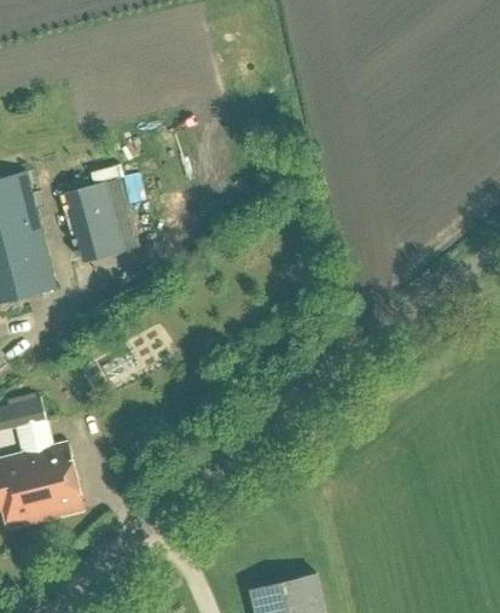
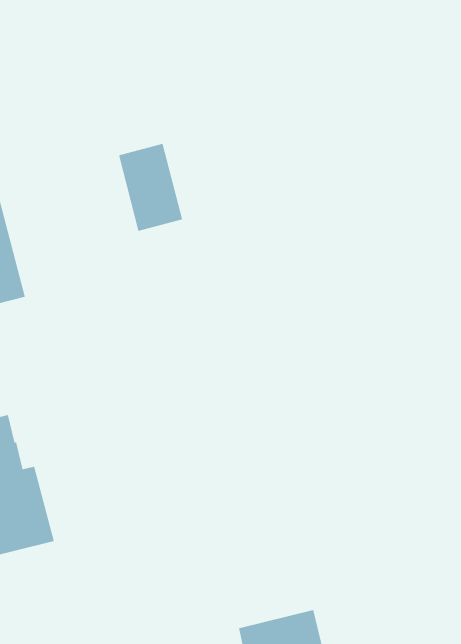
building: [66,181,126,262] -> [118,143,183,232]

